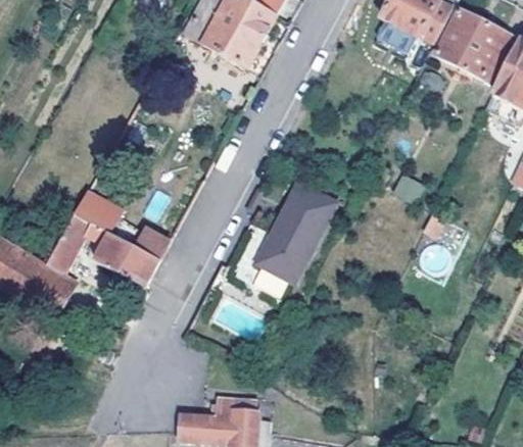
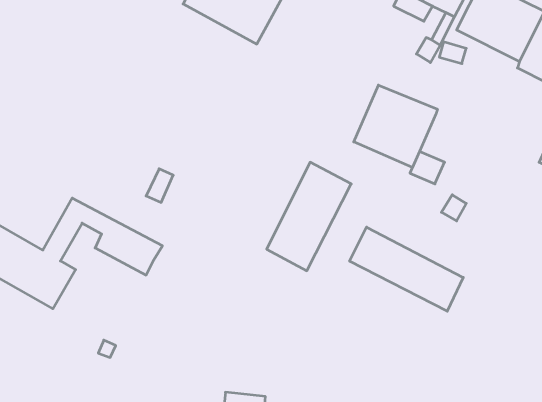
building: none -> [354,85,437,168]
building: [75,196,170,258] -> none
building: none -> [350,227,463,311]

